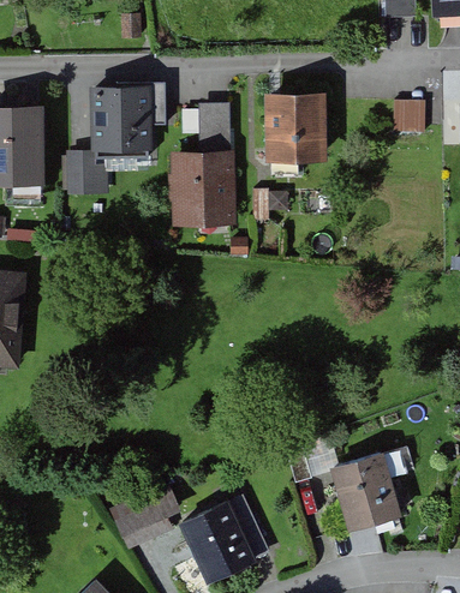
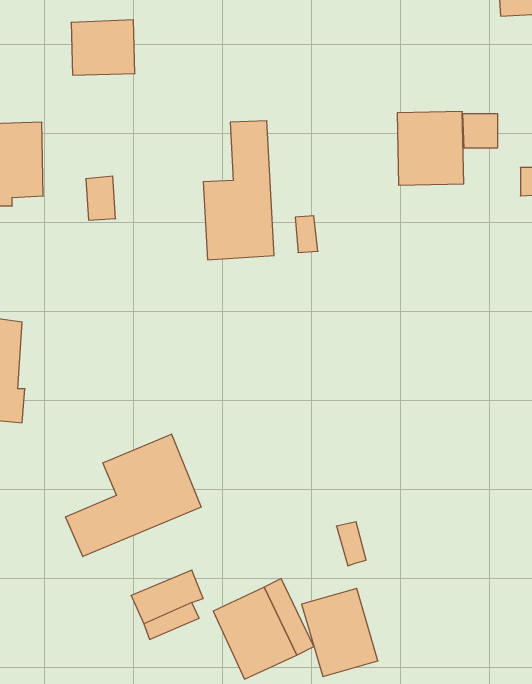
building: [268,96,324,158] -> [397,111,464,185]
building: [96,100,150,146] -> [71,20,135,75]
building: none -> [66,434,201,557]
building: [334,454,399,528] -> [302,589,378,676]

